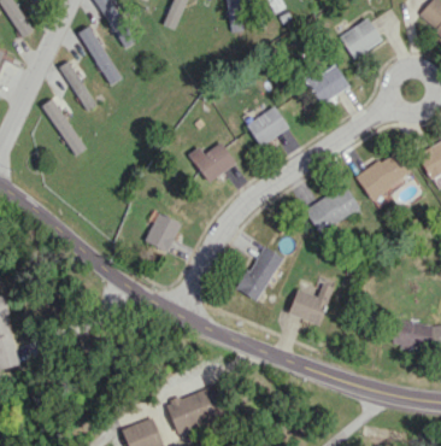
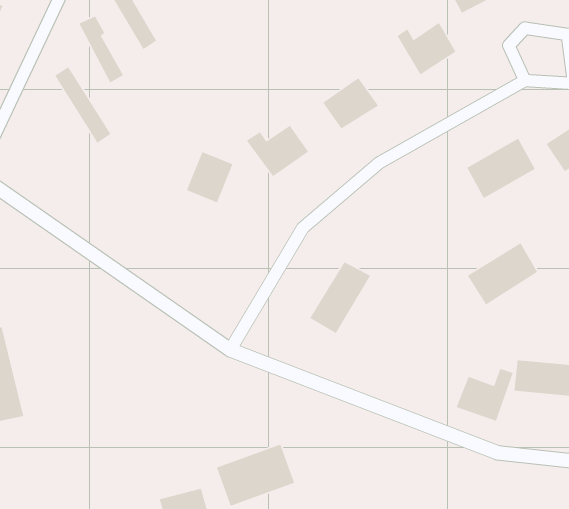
building: [306,186,360,234] -> [467,242,538,306]
building: [146,212,182,252] -> [186,151,233,203]
building: [289,283,334,324] -> [455,368,514,422]

